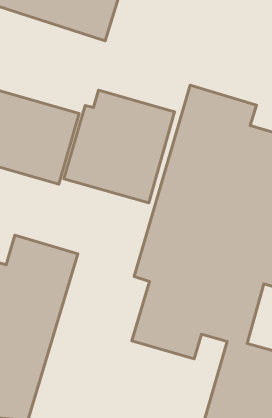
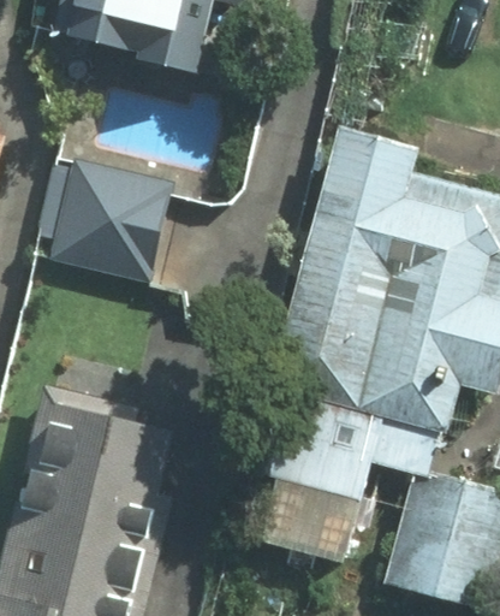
building: [64,90,175,203] -> none

